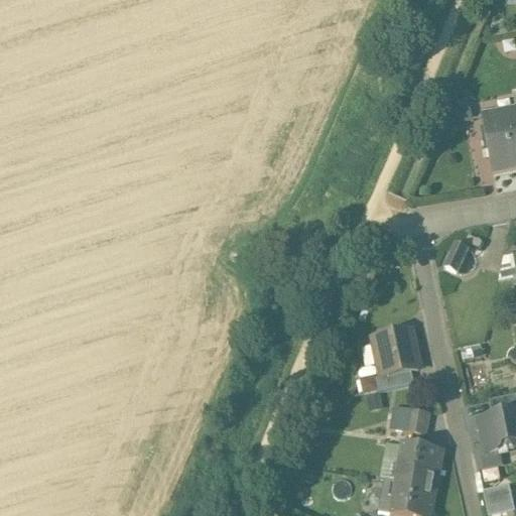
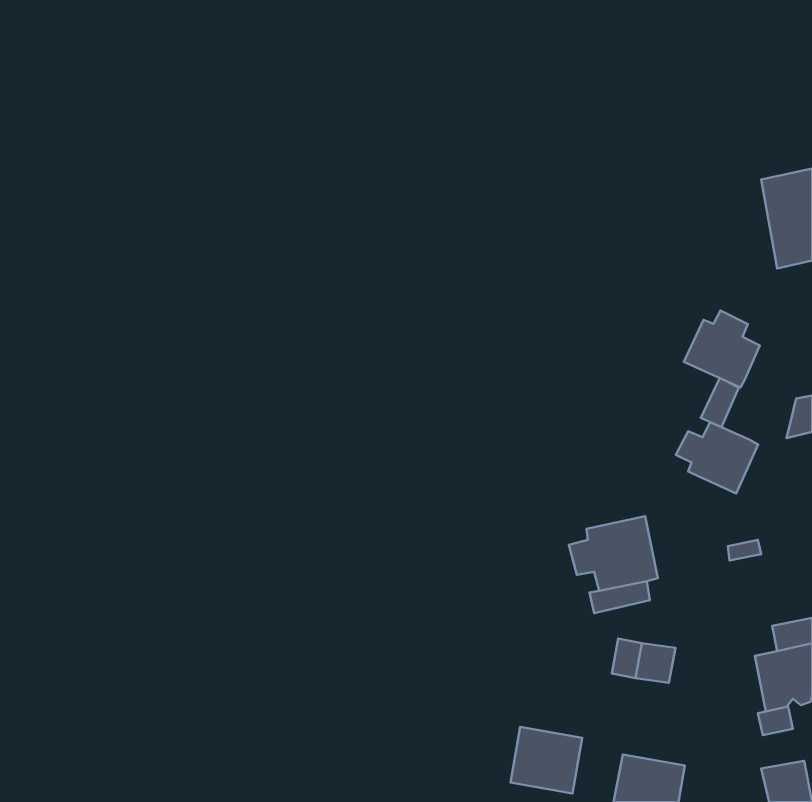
building: none -> [684,310,760,387]
building: none -> [676,422,758,494]
building: [395,443,440,486] -> [510,727,582,794]

